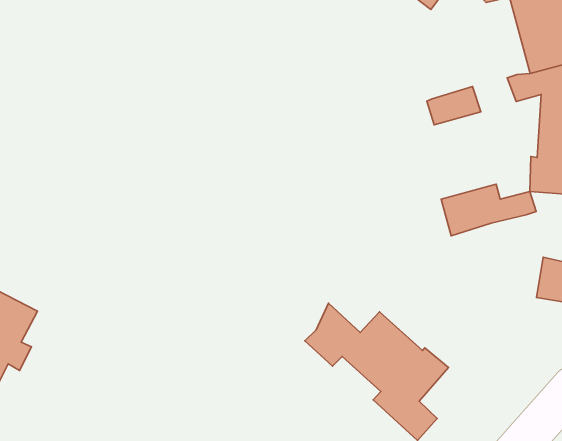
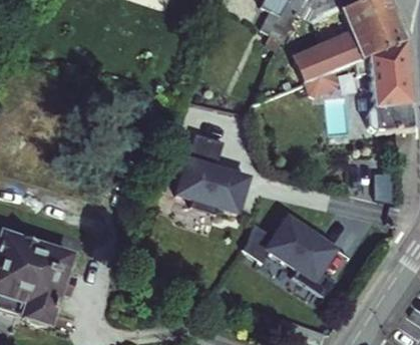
building: none -> [176,130,245,212]
building: [441,184,536,236] -> [290,43,351,80]

